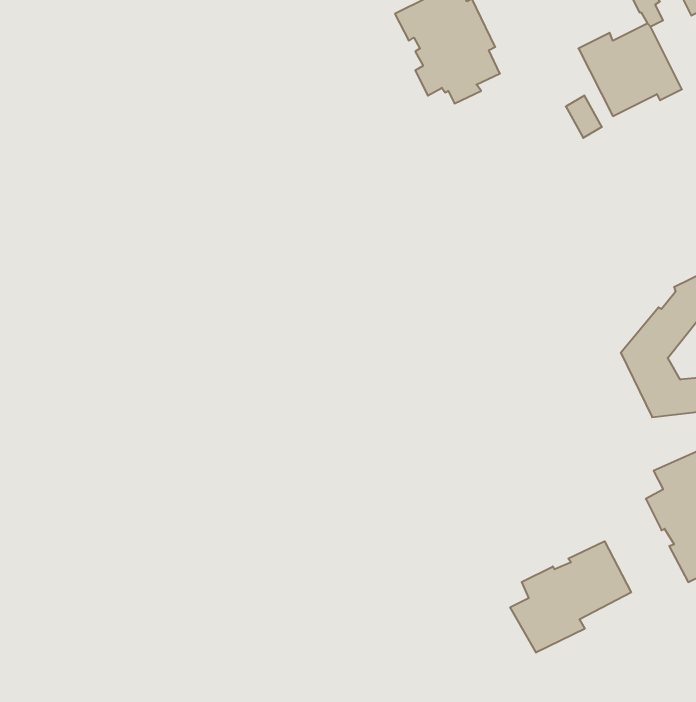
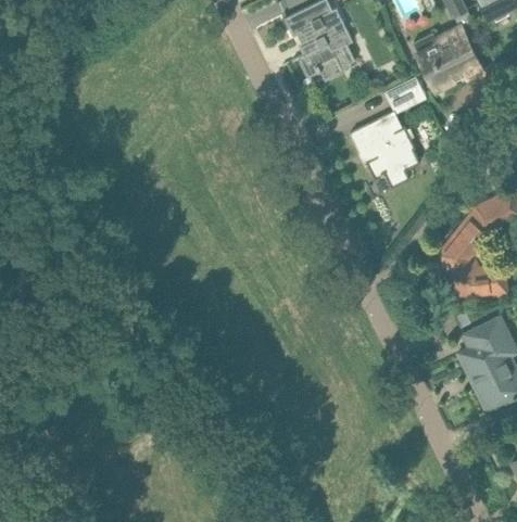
building: none -> [350,111,421,188]
building: [510,541,631,653] -> none

